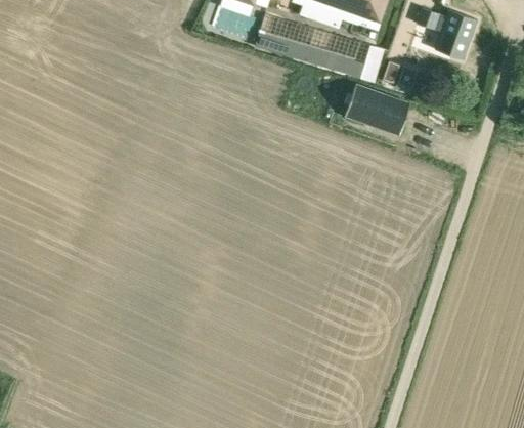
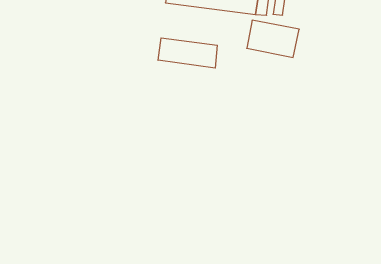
building: none -> [158,38,217,68]

